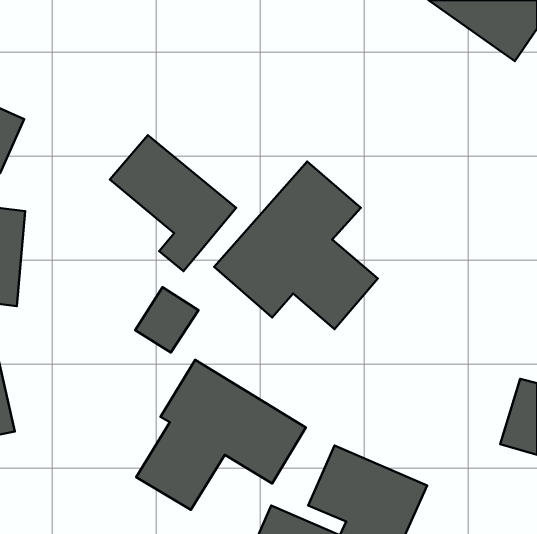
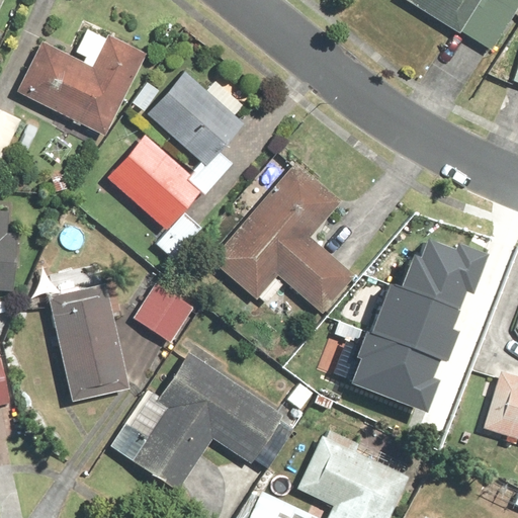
building: none -> [15,24,148,139]
building: none -> [147,70,249,170]
building: none -> [347,238,466,406]
building: none -> [49,281,131,400]

